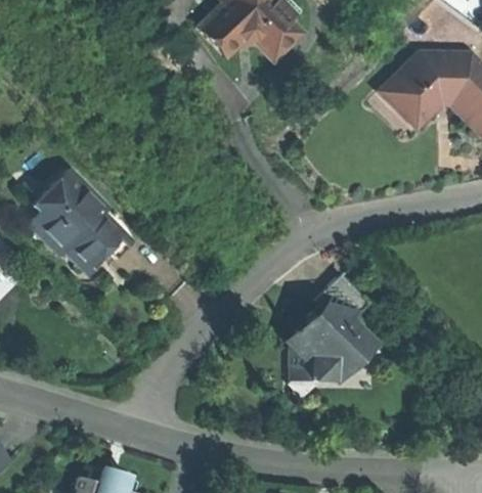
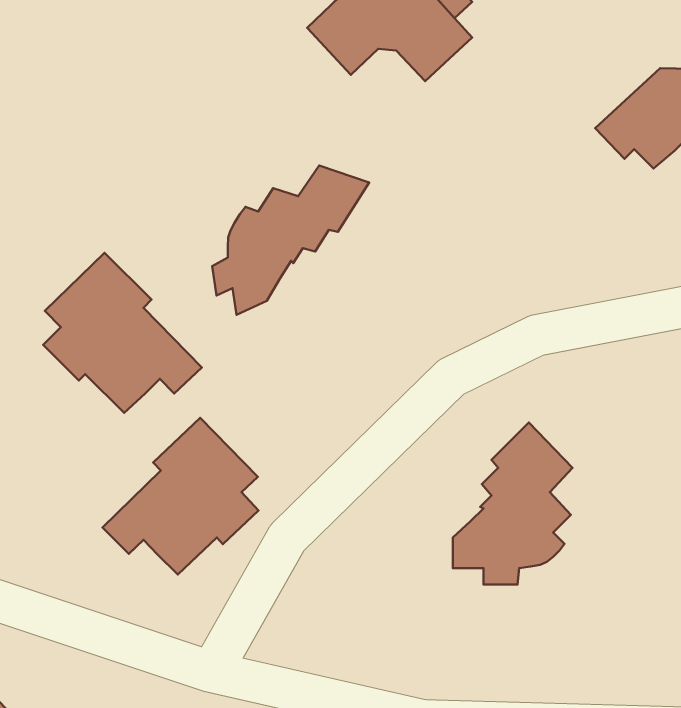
building: none -> [212,165,369,315]
building: none -> [102,418,259,574]

